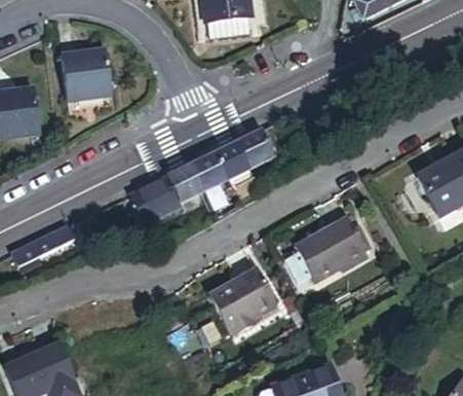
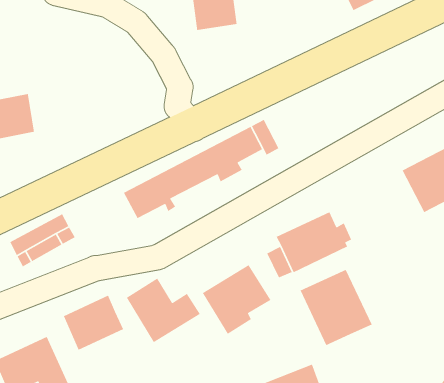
building: [64,52,114,104] -> none
building: none -> [300,269,373,346]
building: none -> [126,277,201,343]
building: none -> [63,295,124,351]

